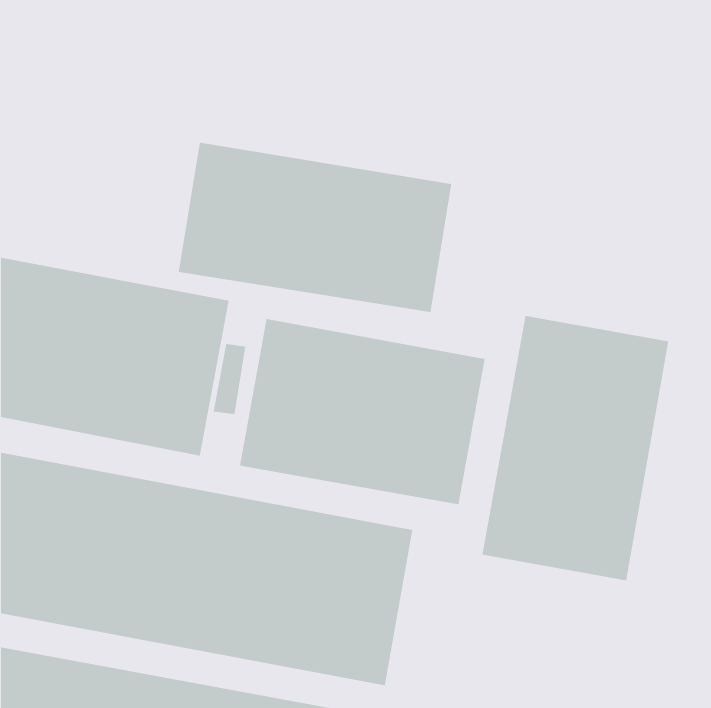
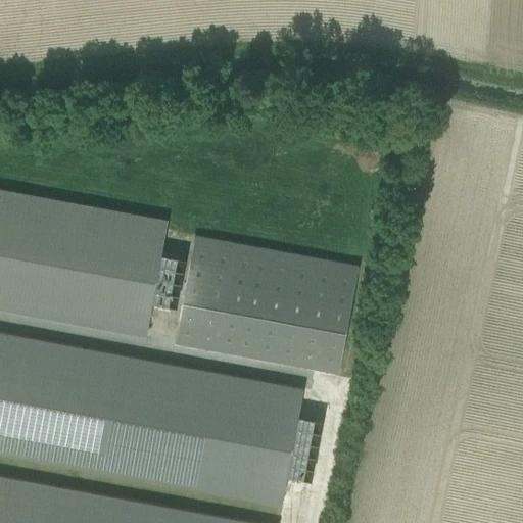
building: [178,142,452,313] -> none
building: [482,315,669,581] -> none

